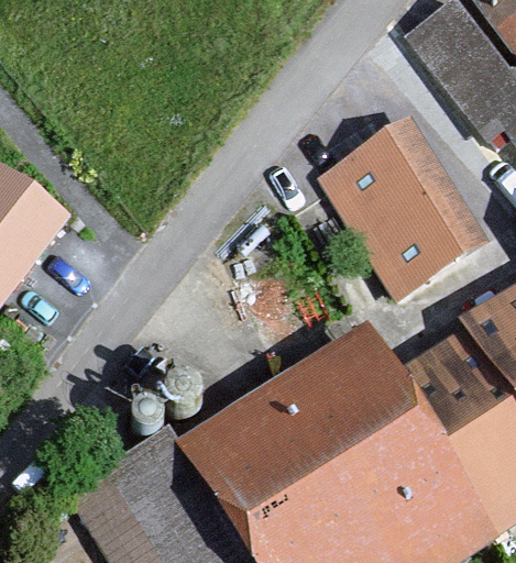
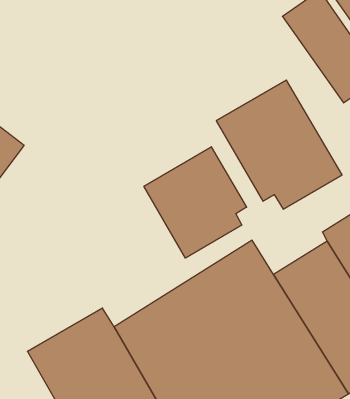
building: none -> [144,147,247,258]

